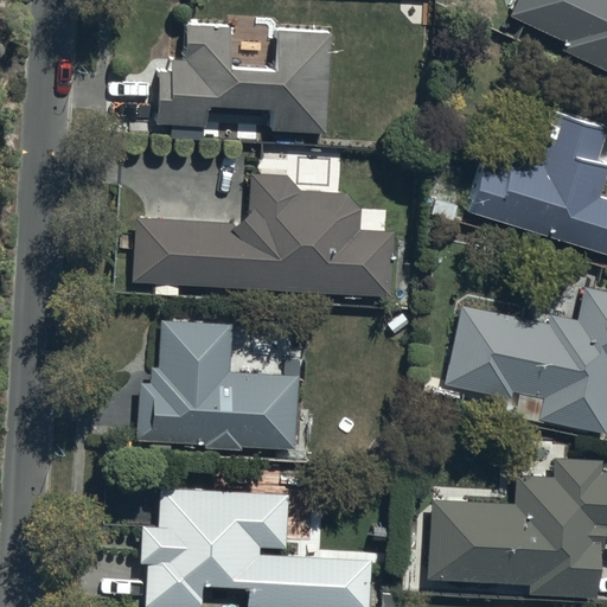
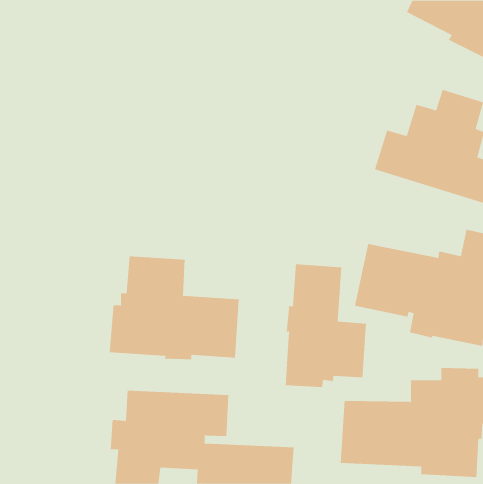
building: [155,24,330,133] -> none
building: [135,173,395,296] -> none
building: none -> [285,264,367,388]

